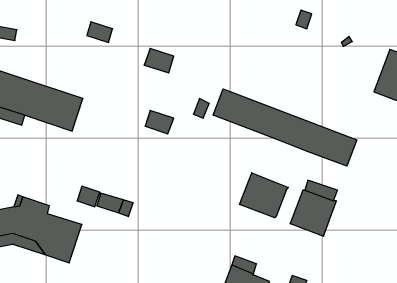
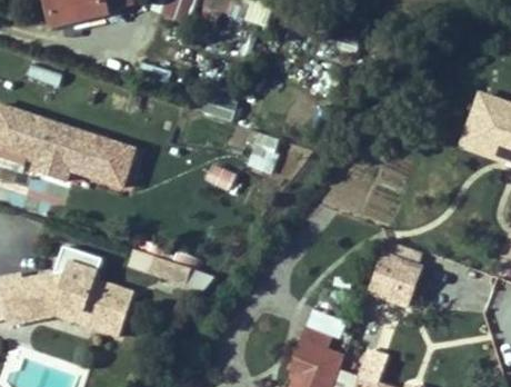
building: [213,89,357,166] -> none
building: [240,173,288,218] -> none

